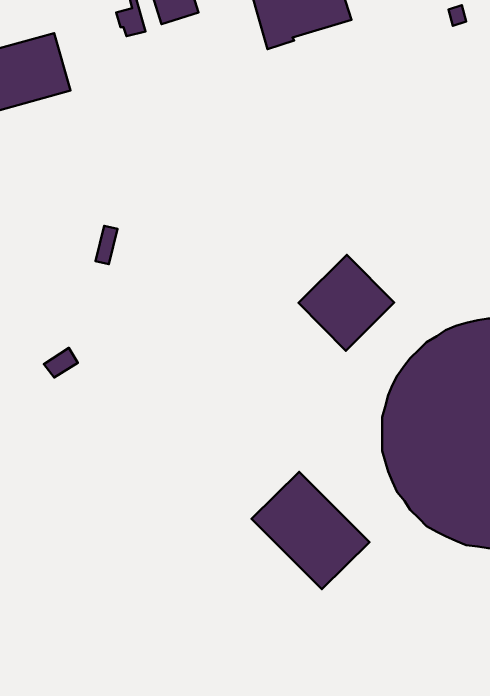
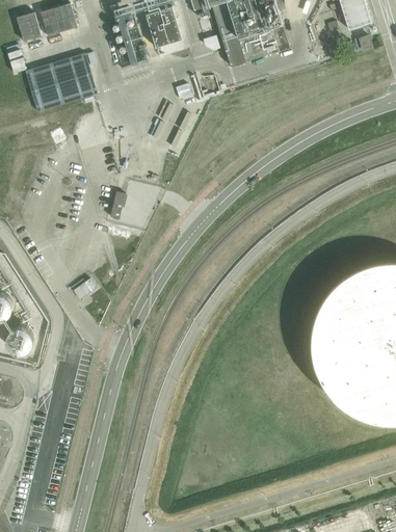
building: [299,255,394,351] -> none
building: [251,472,369,589] -> none

